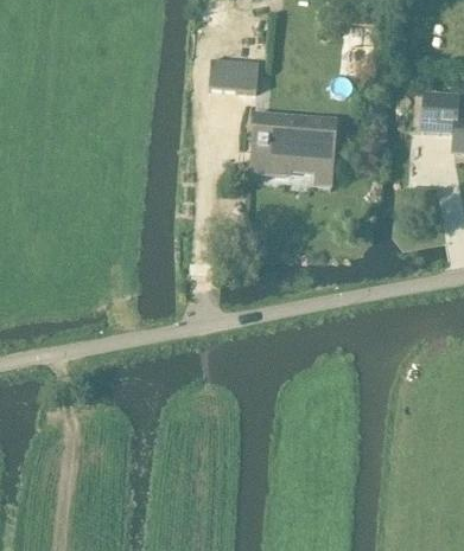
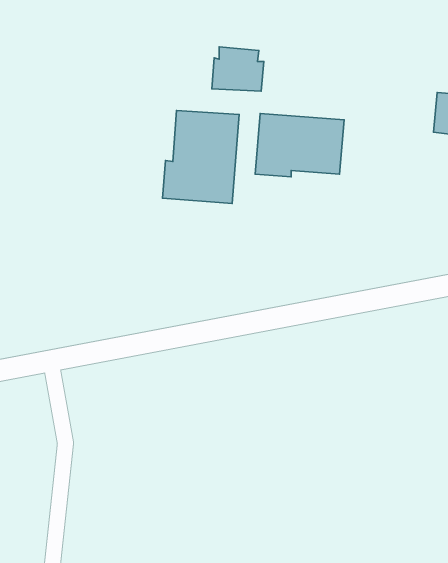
building: none -> [162,111,239,203]

